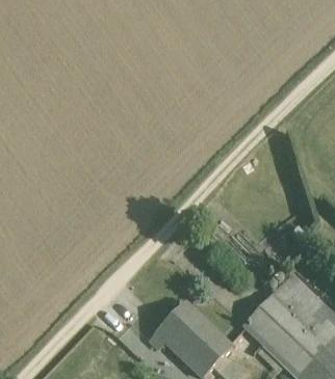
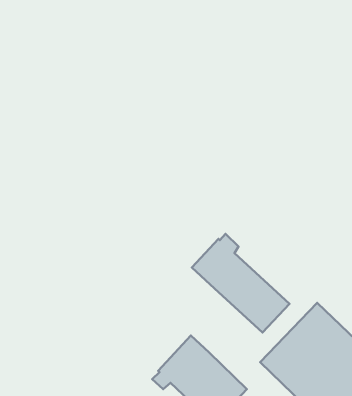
building: none -> [192,234,289,333]

